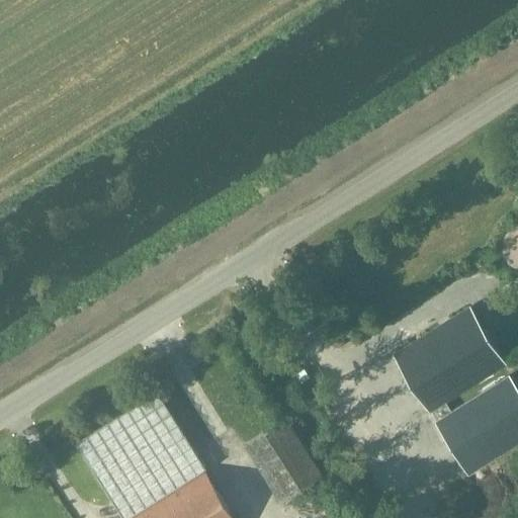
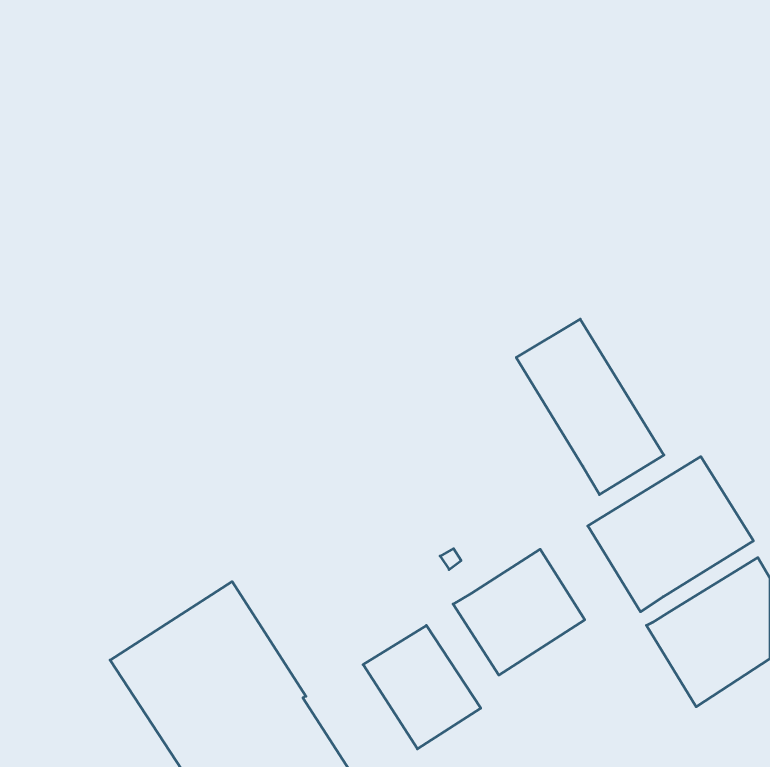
building: none -> [516,319,664,495]
building: none -> [453,549,585,675]

